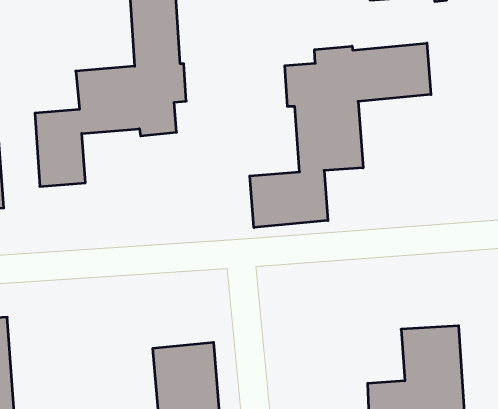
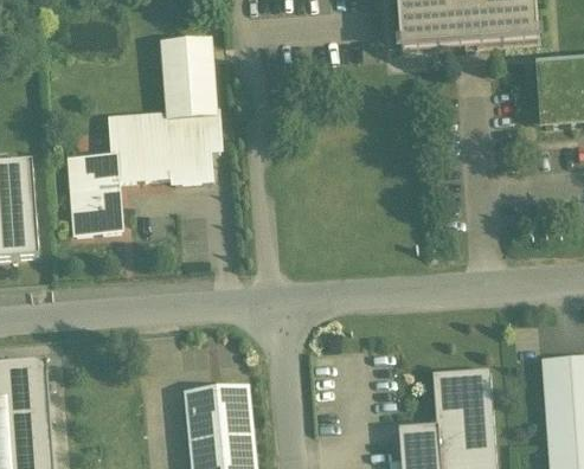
building: [250,43,431,228] -> none

